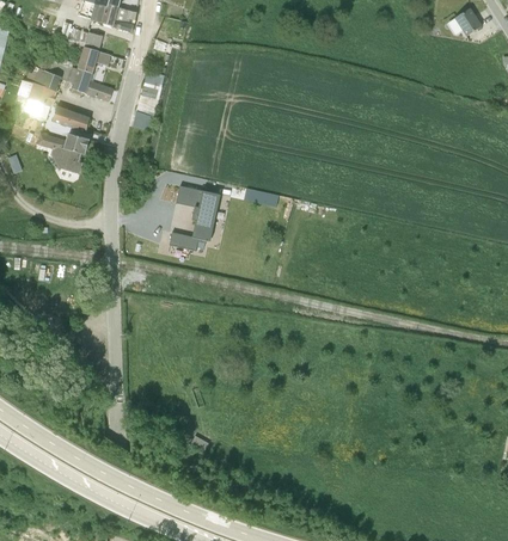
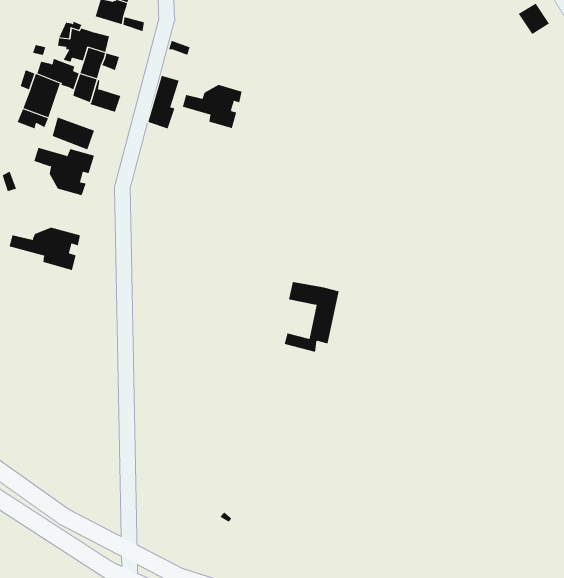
building: none -> [182,84,242,129]
building: [171,186,219,247] -> [284,282,339,352]
building: none -> [9,227,81,271]

